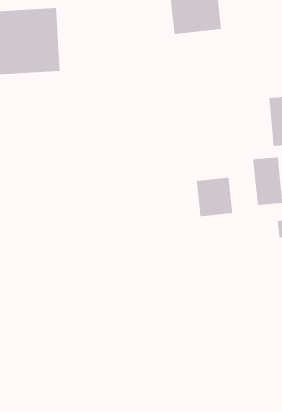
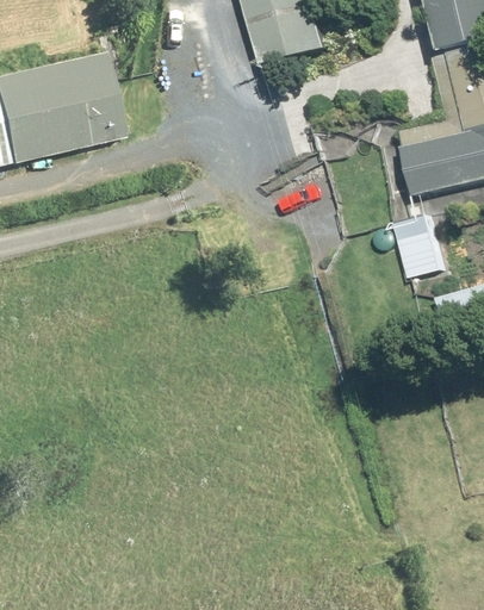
building: [196,177,233,217] -> none

